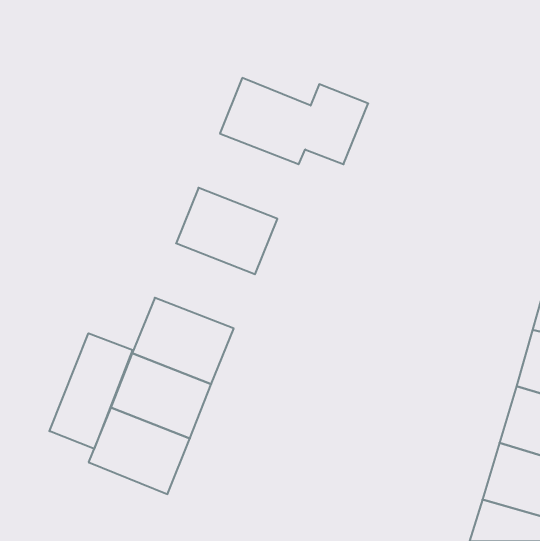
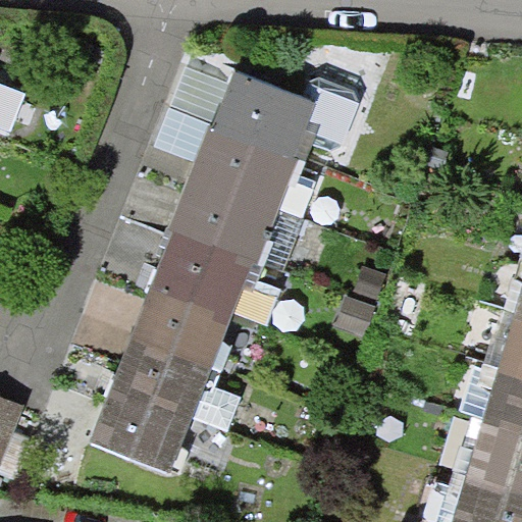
building: none -> [195,127,291,209]
building: none -> [153,232,249,314]
building: [49,333,133,449] -> none

